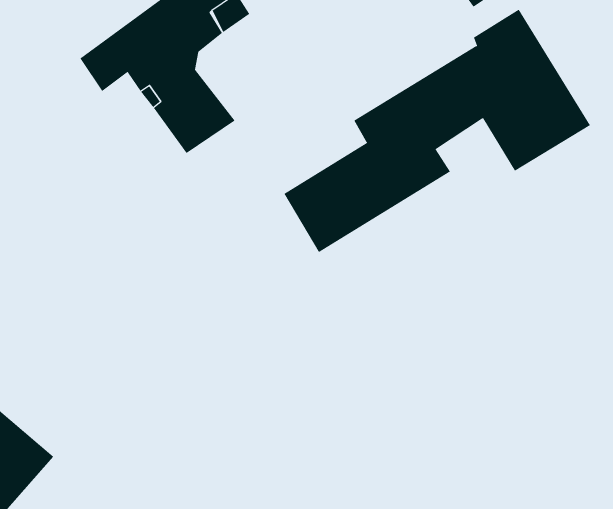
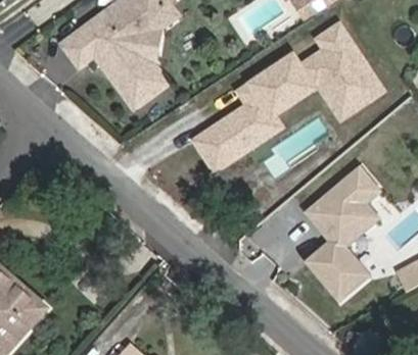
building: none -> [306,160,386,302]

